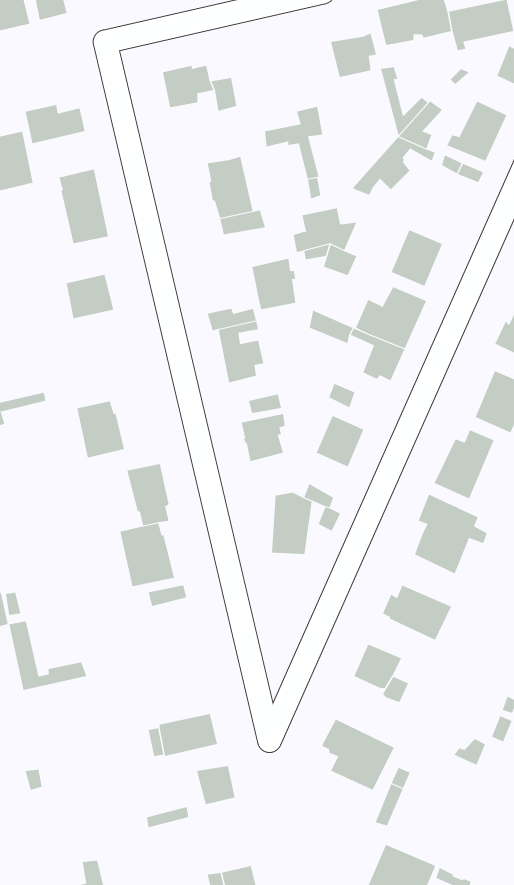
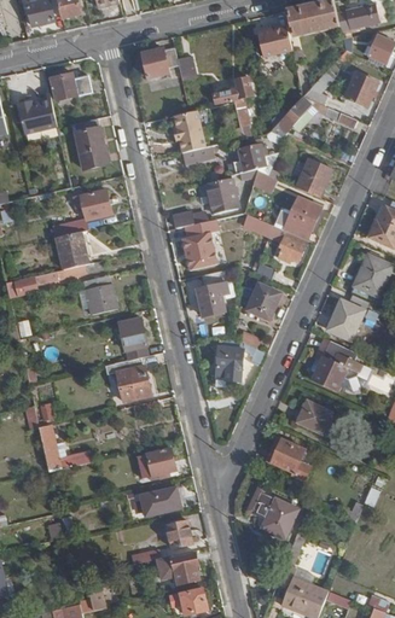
building: none -> [56,232,87,269]
building: none -> [138,448,176,479]
building: none -> [158,553,198,583]

